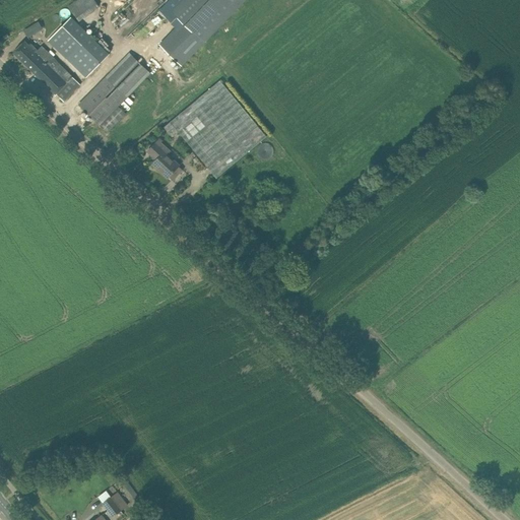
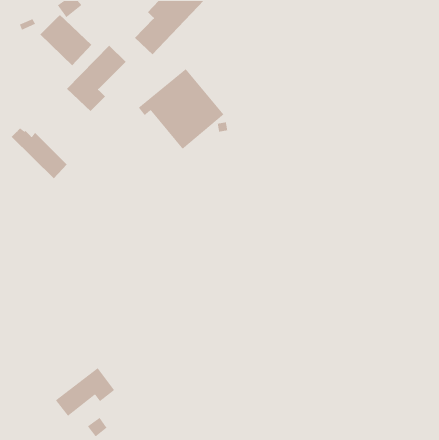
building: [12,41,79,102] -> [11,127,68,179]
building: [147,138,182,180] -> none
building: none -> [55,367,115,417]

